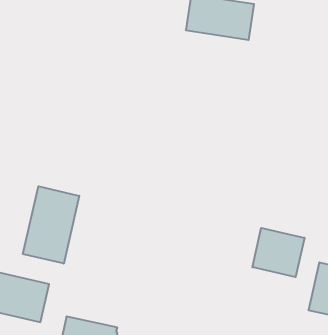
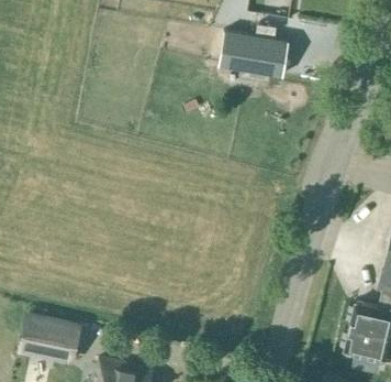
building: [23,186,79,264] -> none
building: [252,228,305,277] -> none

